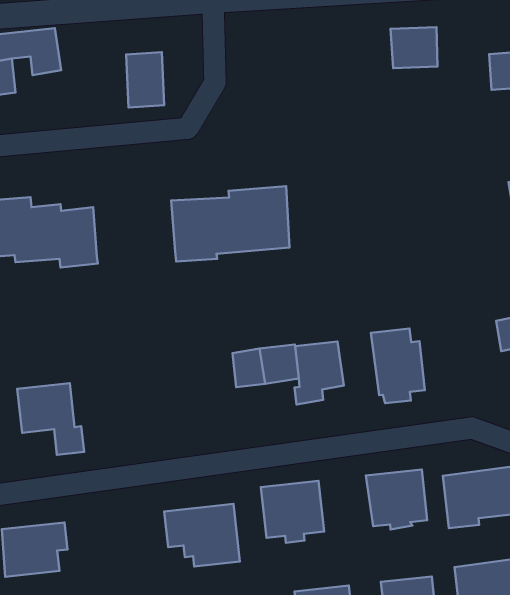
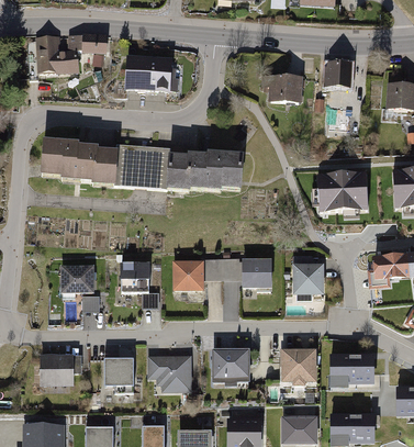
building: none -> [127,58,155,93]
building: none -> [260,75,303,104]
building: none -> [115,144,174,189]
building: none -> [316,169,366,210]
building: none -> [172,260,203,297]
building: none -> [120,264,159,308]
building: none -> [107,358,135,387]

